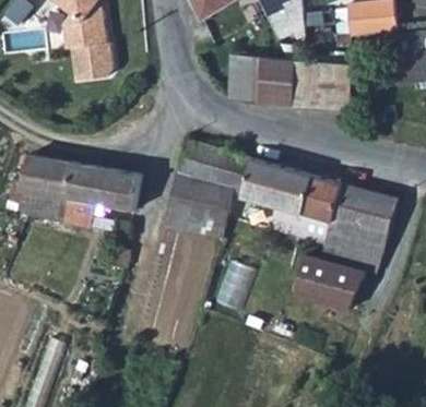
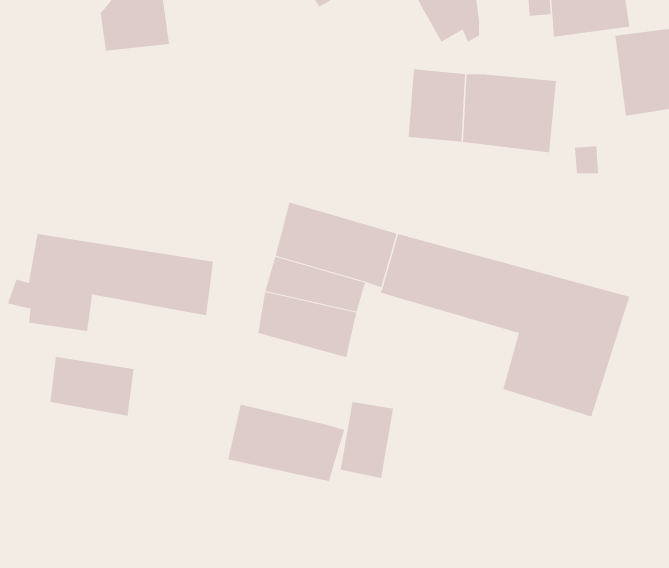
building: [70,41,113,80] -> none
building: [227,55,262,99] -> none
building: none -> [50,356,134,417]
building: [294,260,356,312] -> none
building: none -> [228,404,345,482]

